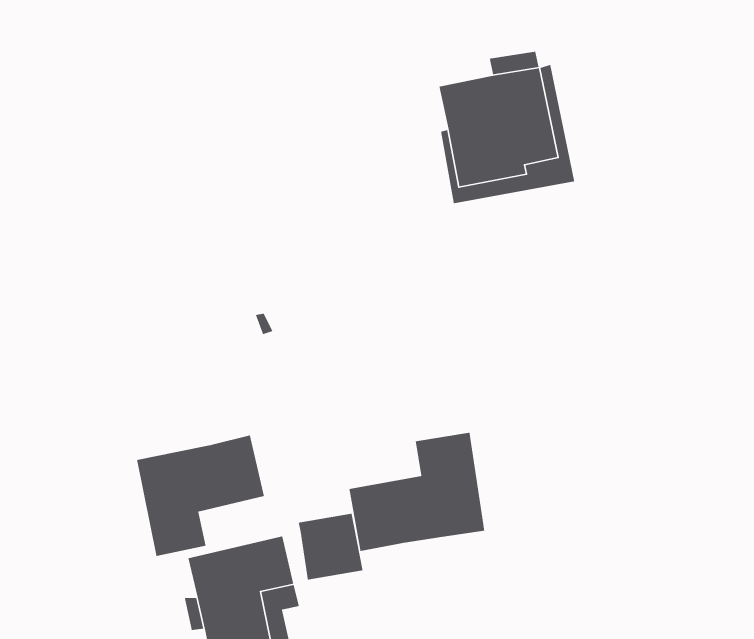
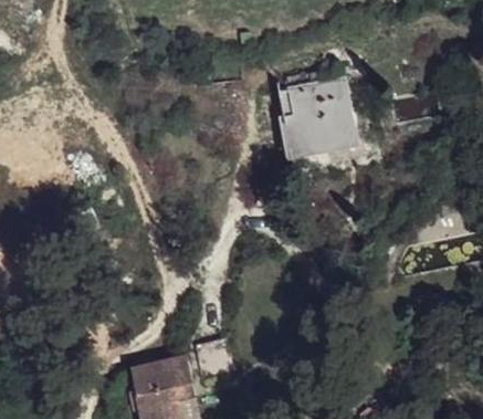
building: [349,432,485,552] -> none
building: [136,434,265,557] -> none

